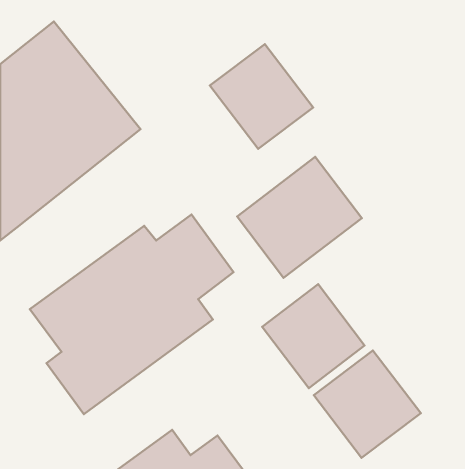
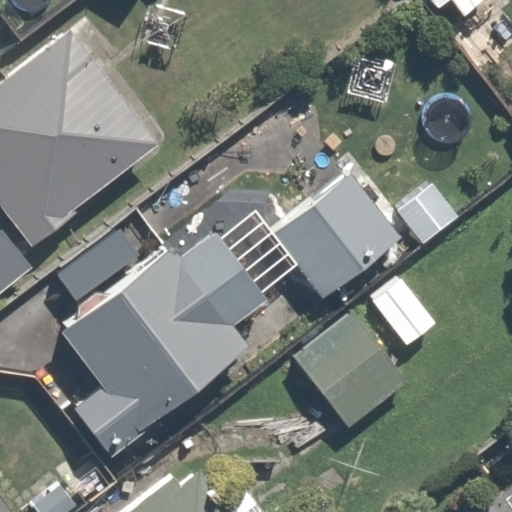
building: [210,44,313,149] -> none
building: [314,350,421,458] -> none

